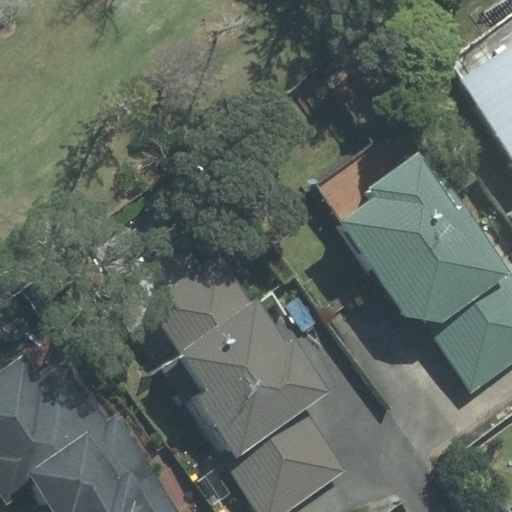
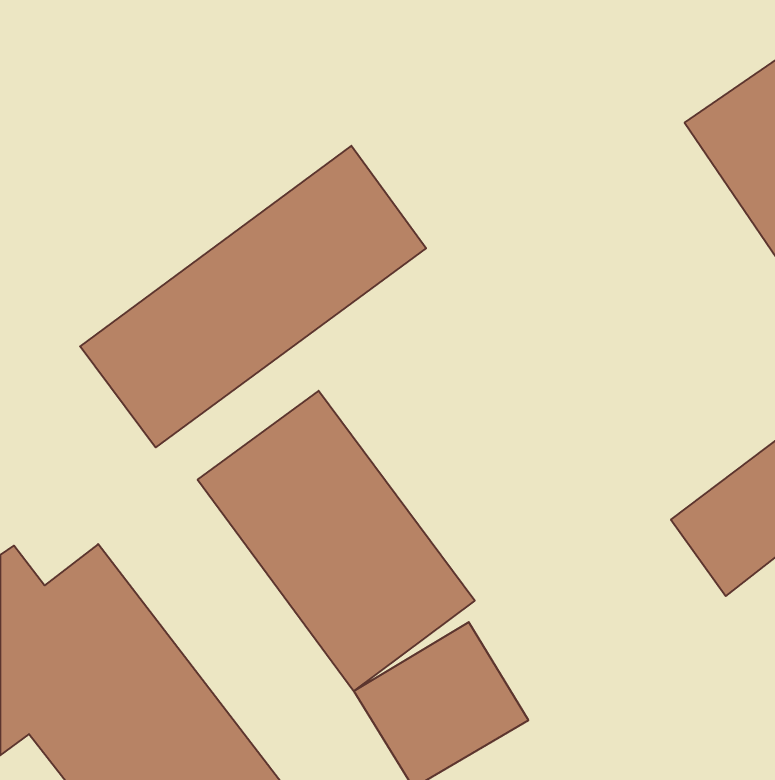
building: none -> [80,146,426,447]
building: [332,168,496,332] -> none

